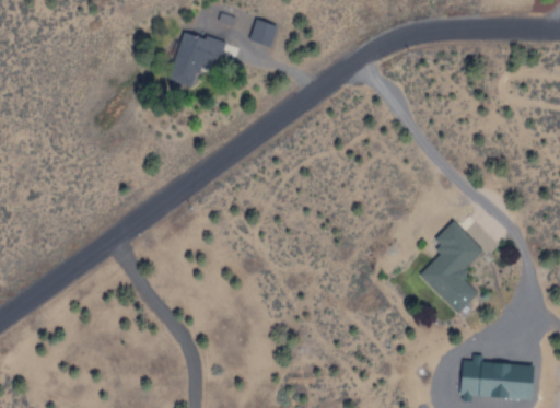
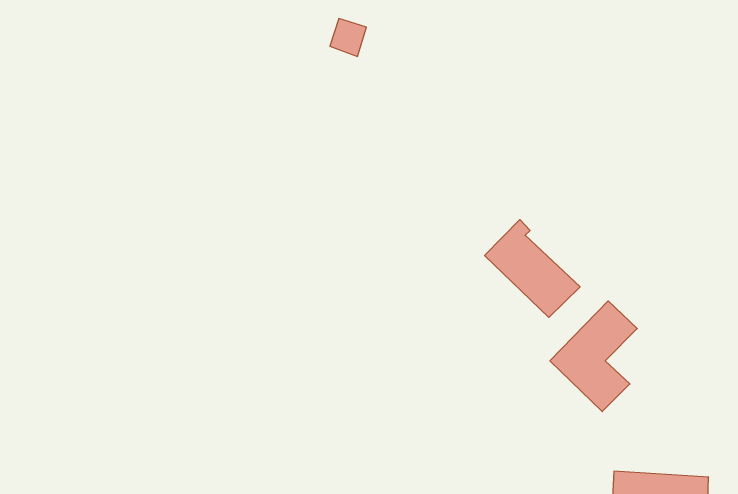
building: [170,32,228,83] -> none
building: none -> [485,220,580,317]

